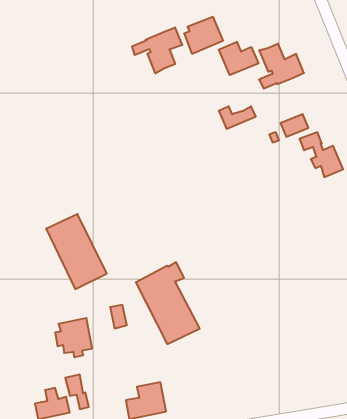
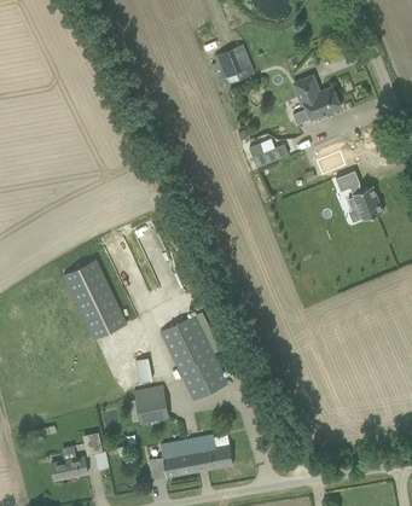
building: [132,27,182,73] -> none
building: [219,42,258,75] -> none
building: [55,318,92,357] -> [130,385,170,428]
building: none -> [186,436,233,472]

